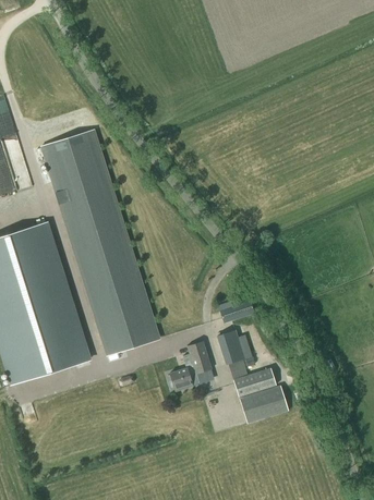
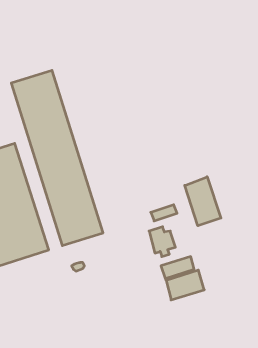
building: none -> [185,177,221,226]
building: [167,341,212,391] -> none

